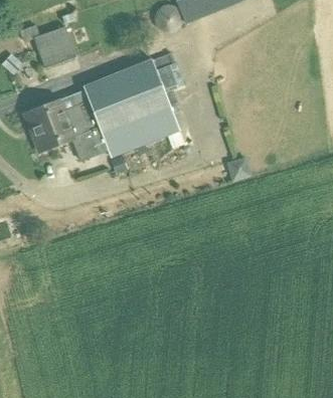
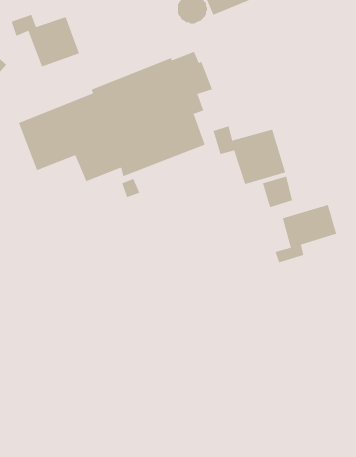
building: none -> [213,125,286,185]
building: none -> [275,204,337,263]

